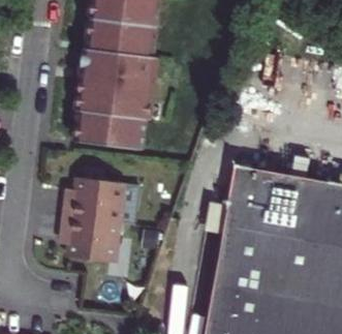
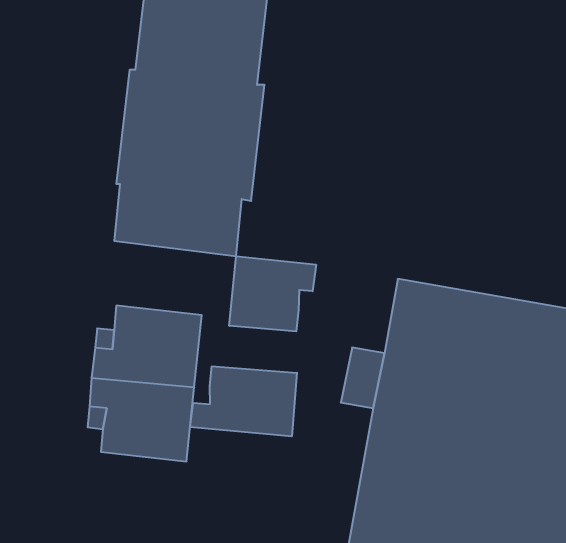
building: none -> [229,256,316,331]
building: none -> [190,366,297,436]

